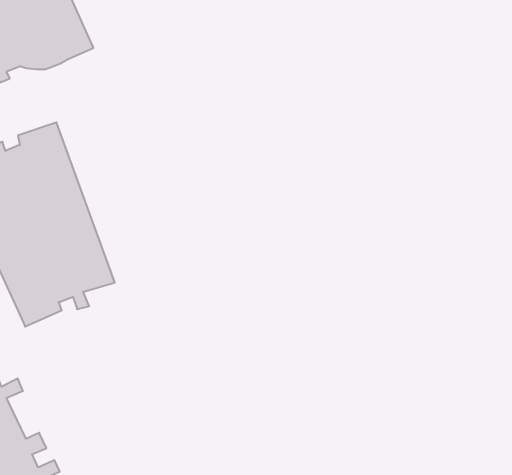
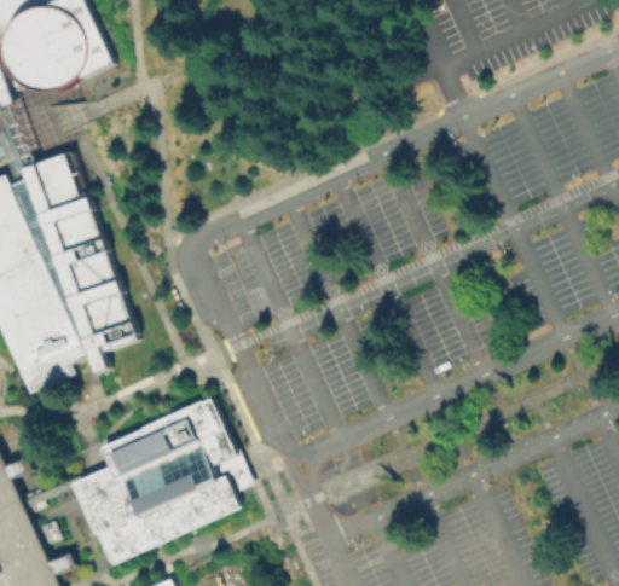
building: none -> [73,399,250,564]

